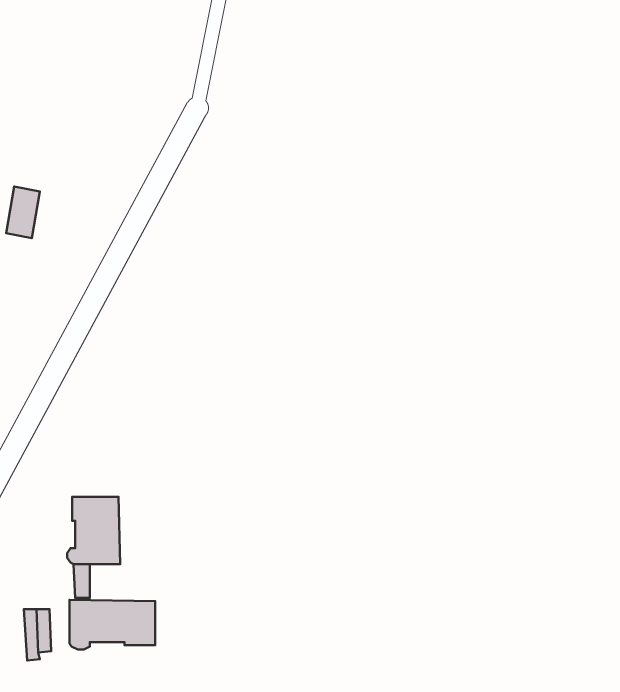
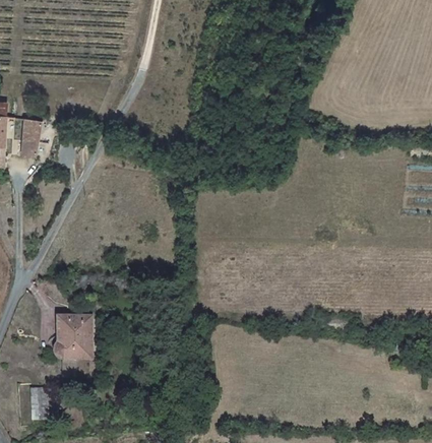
building: [70,600,155,650] -> none

